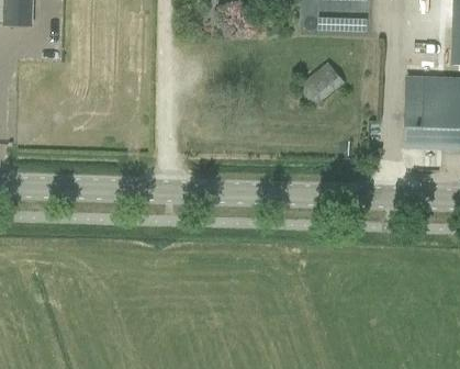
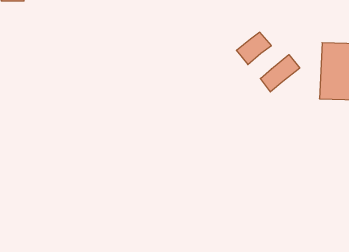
building: none -> [260,55,300,92]

